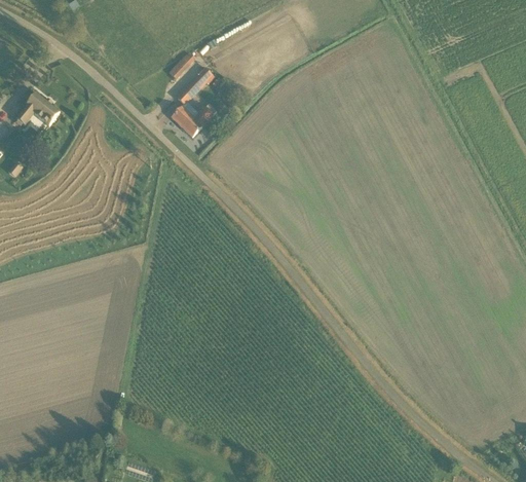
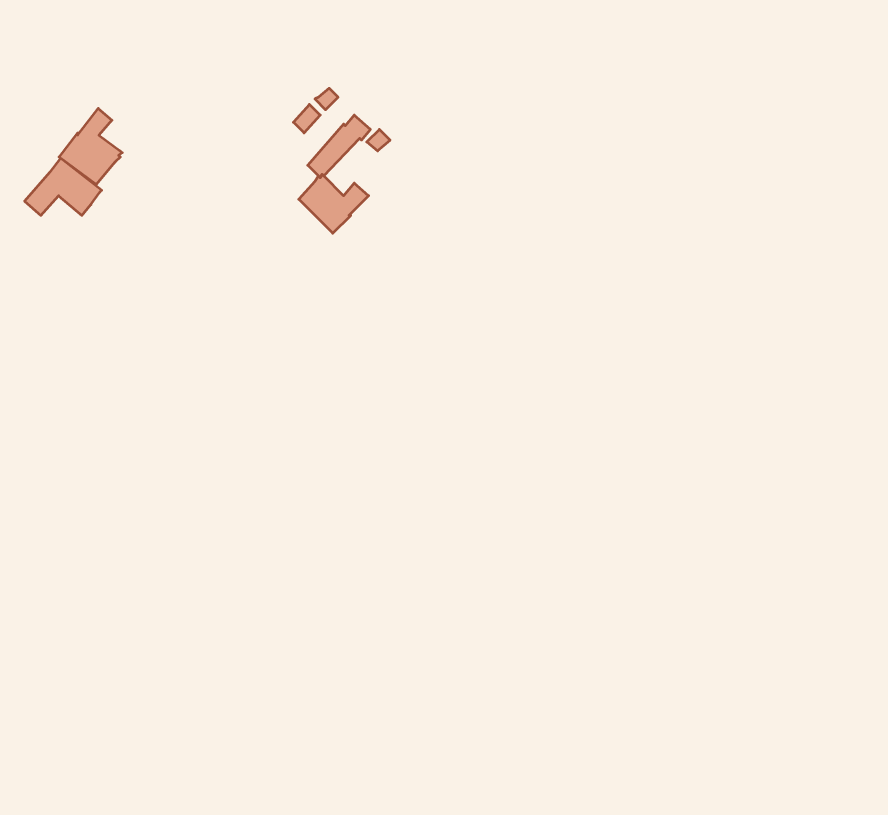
building: none -> [59,108,122,184]

